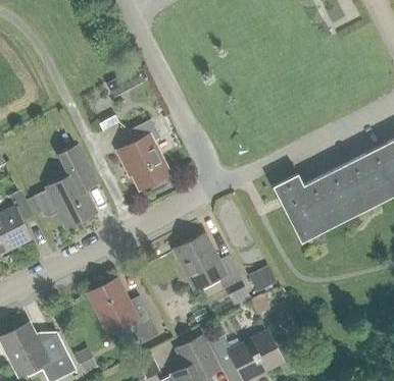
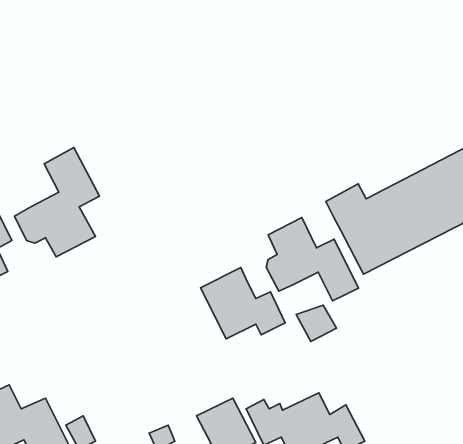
building: [117,120,170,191] -> none
building: none -> [266,218,359,301]
building: [90,281,160,345] -> none

